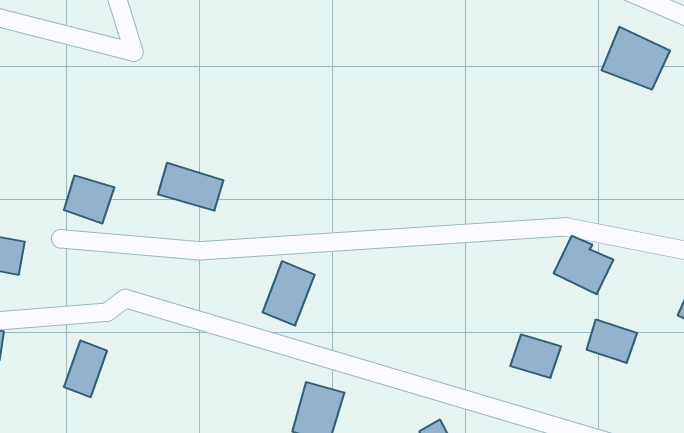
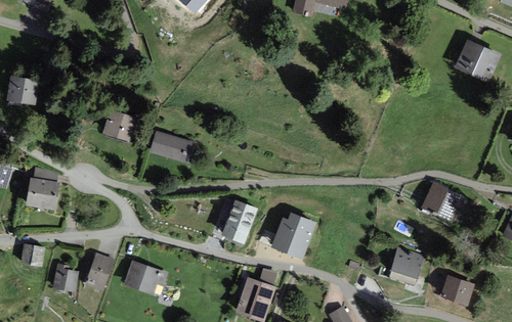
building: [64,176,115,223] -> [102,108,137,141]
building: none -> [270,211,316,258]
building: [587,320,637,363] -> [439,275,474,305]
building: none -> [122,260,167,297]
building: none -> [51,264,77,292]

